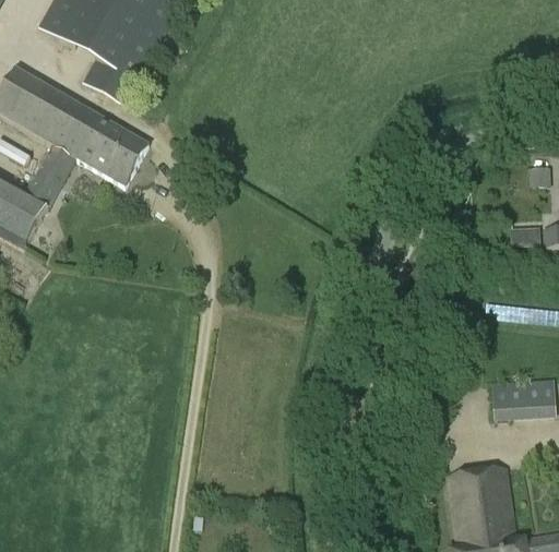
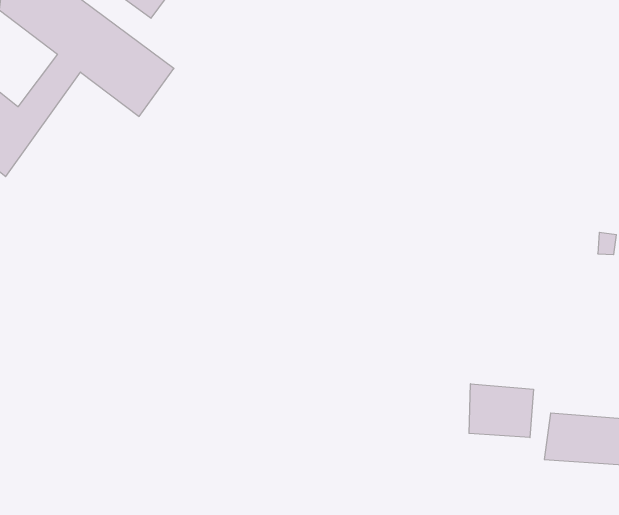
building: none -> [469,384,533,438]

